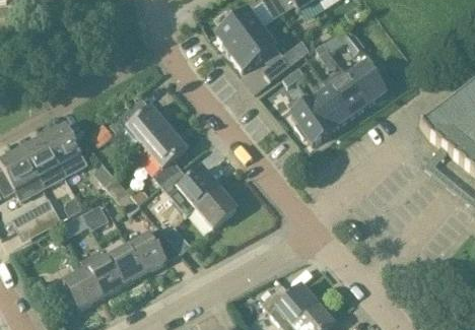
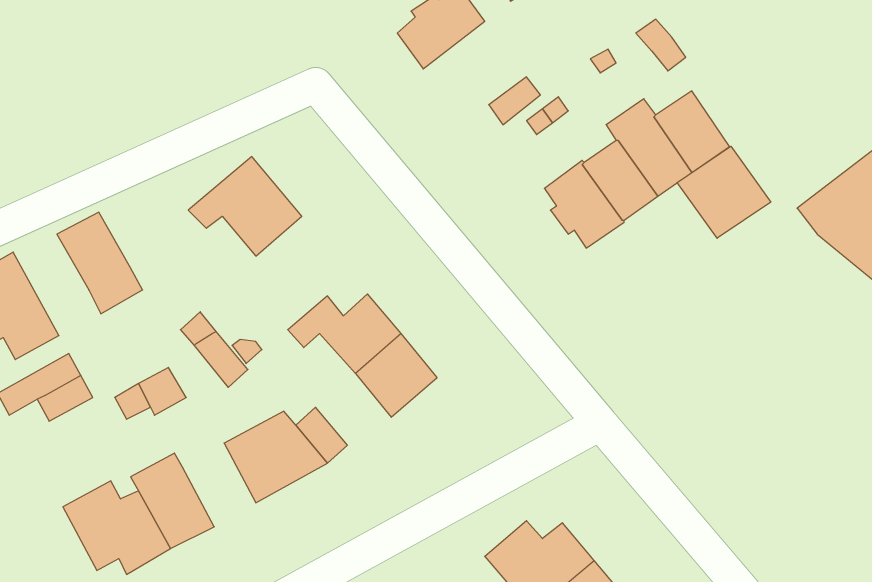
building: [229,27,275,70] -> none
building: none -> [677,146,771,238]
building: [144,127,190,185] -> none
building: [20,136,65,188] -> none
building: [107,243,144,285] -> none

